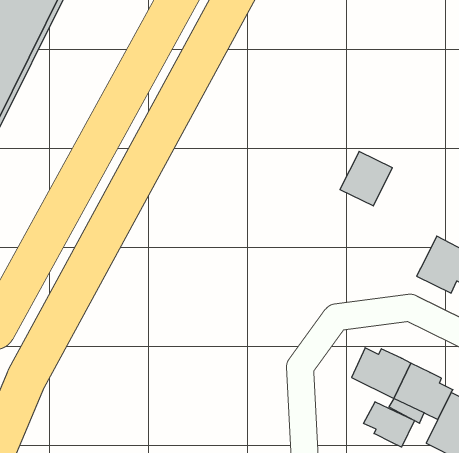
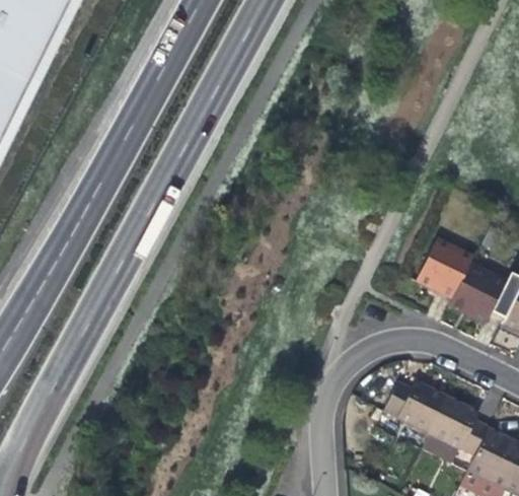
building: [340,151,392,206] -> [418,239,473,297]
building: [364,402,414,447] -> none

